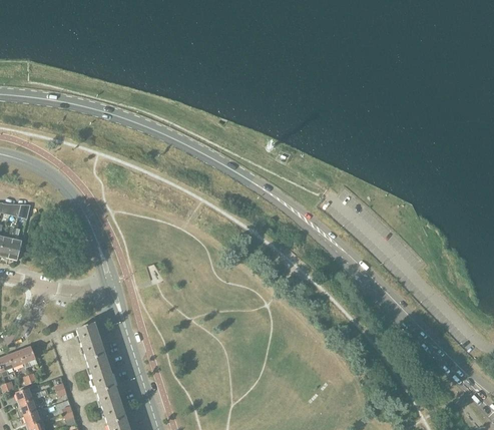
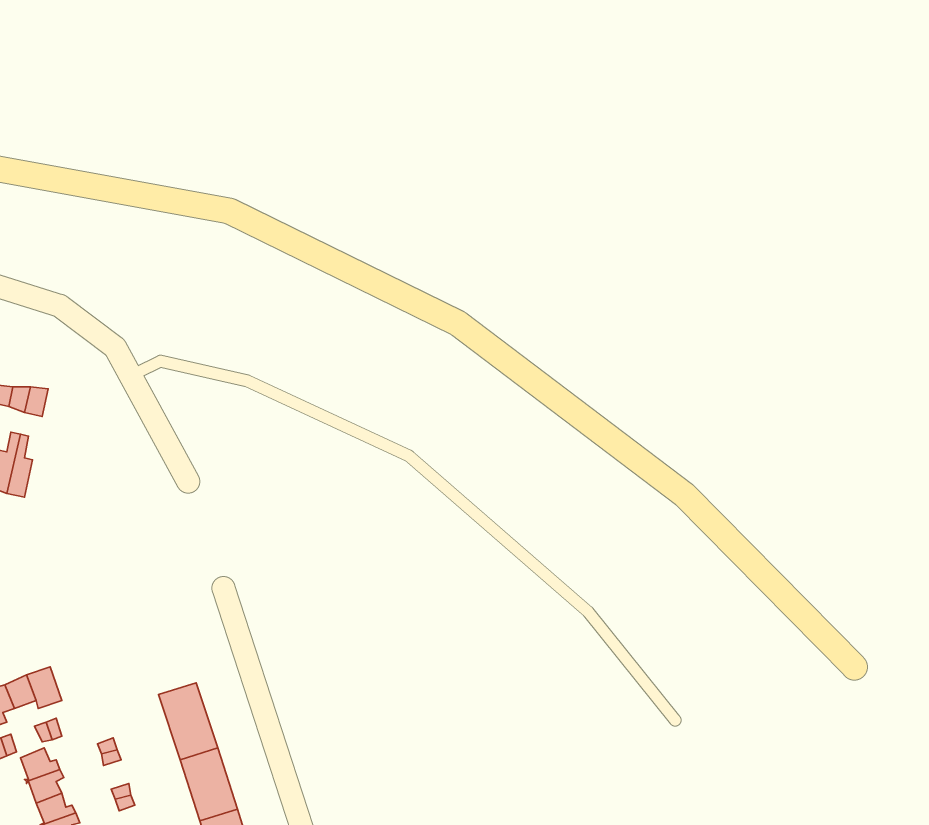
building: [76,323,105,361] -> none

